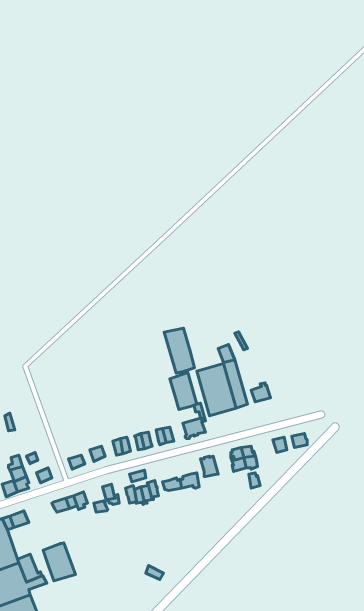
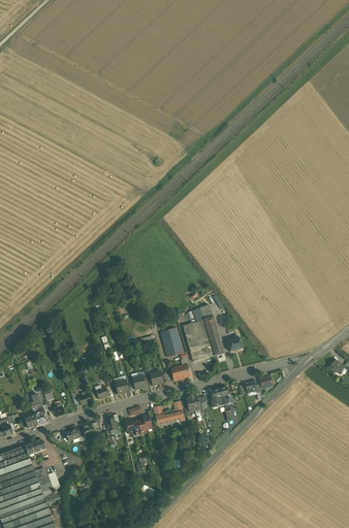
building: [164,328,195,373] -> none
building: [43,543,75,581] -> none

